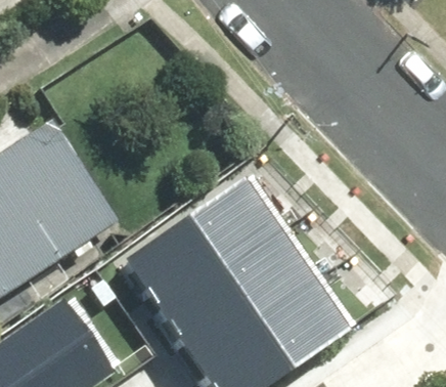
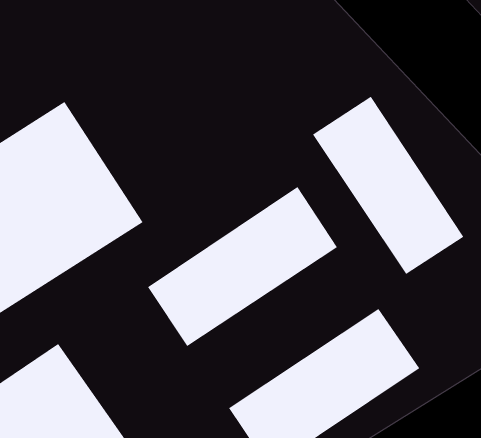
building: none -> [312,96,464,275]
building: [159,228,316,360] -> none

